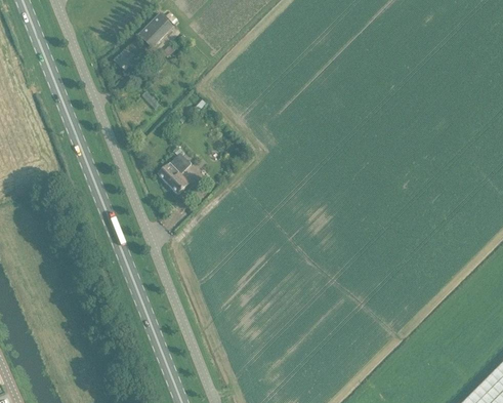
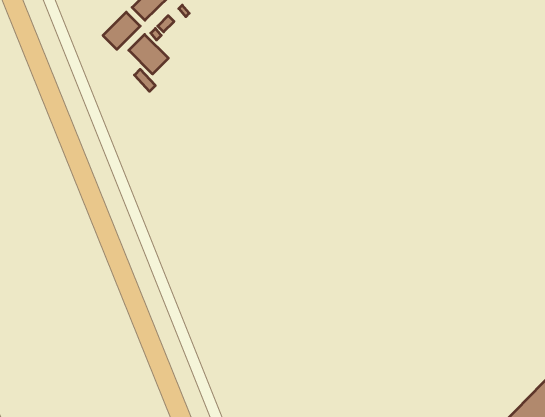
building: none -> [129,34,168,74]
building: [159,152,192,194] -> none

